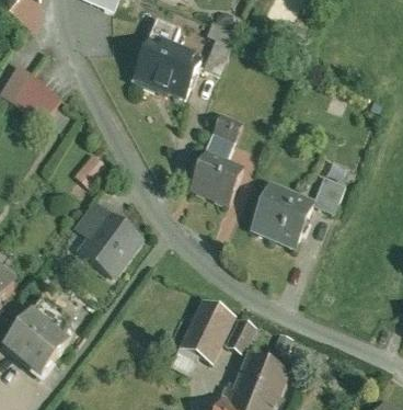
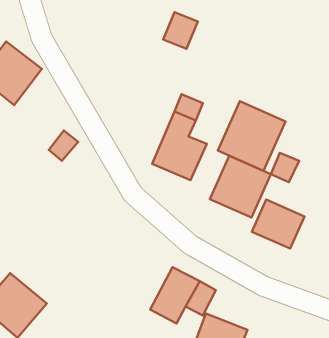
building: [131,21,200,99] -> none
building: none -> [218,101,285,171]
building: [64,200,142,275] -> none
building: none -> [252,199,304,249]

